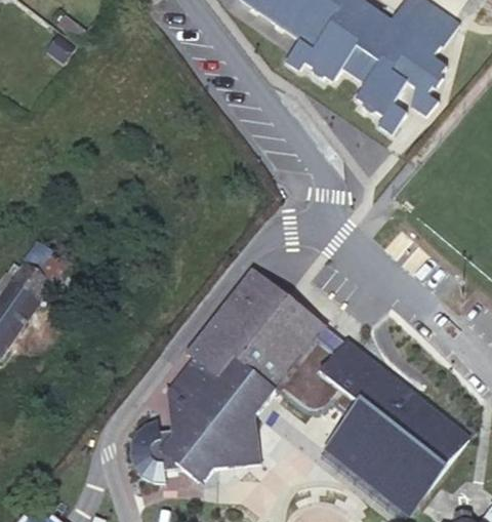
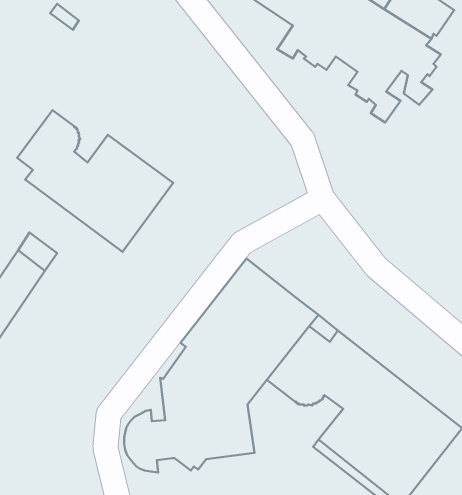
building: none -> [17,110,173,252]

